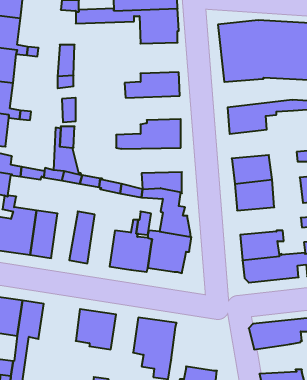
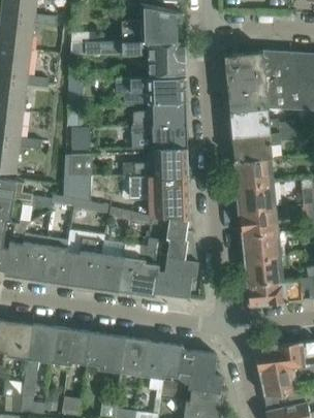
building: none -> [116,77,185,104]
building: none -> [229,108,295,136]
building: none -> [130,125,187,149]
building: none -> [234,158,273,186]
building: none -> [128,175,188,200]
building: none -> [242,233,280,260]
building: none -> [61,236,87,285]
building: none -> [96,253,123,291]
building: none -> [49,327,89,364]
building: none -> [119,337,146,375]
building: none -> [178,350,221,392]
building: none -> [258,366,300,395]

